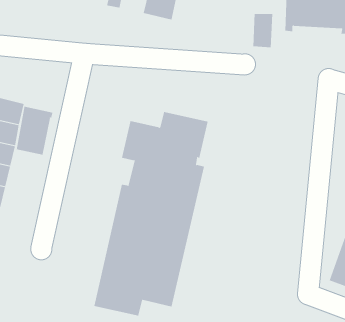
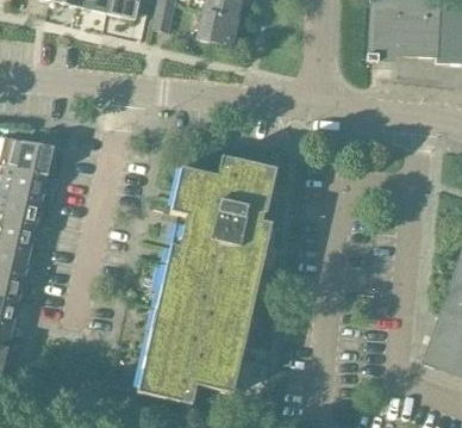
building: [253,13,273,48] -> none
building: [16,106,53,155] -> none

